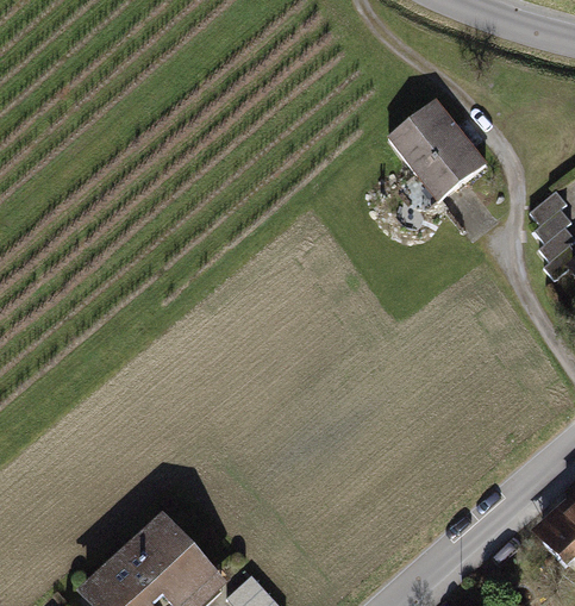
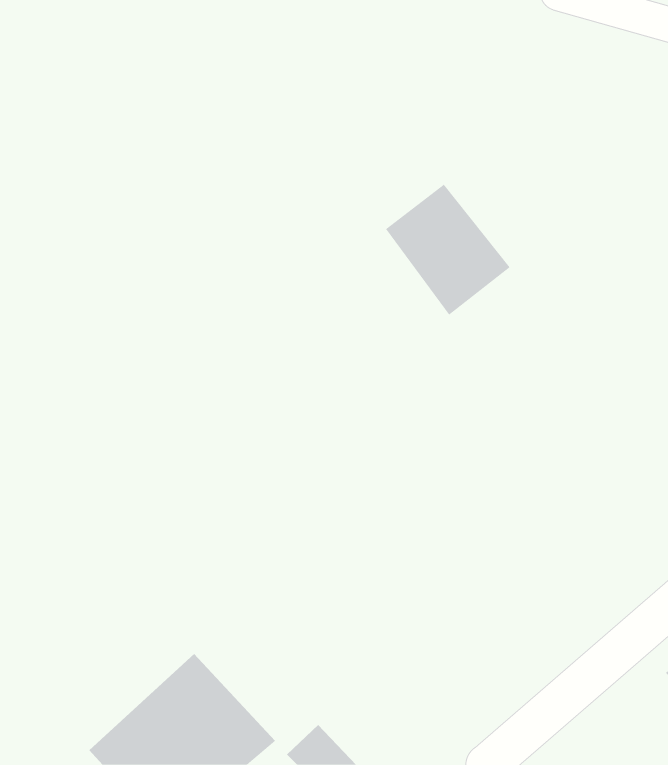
building: [388,100,487,204] -> [385,184,511,315]

